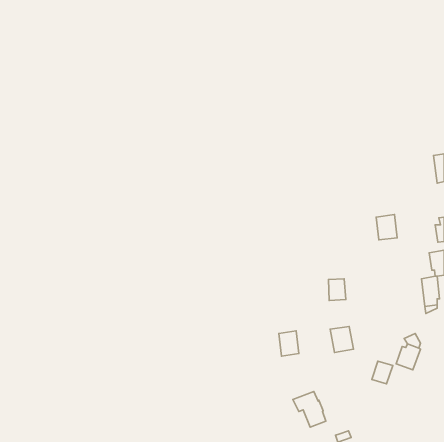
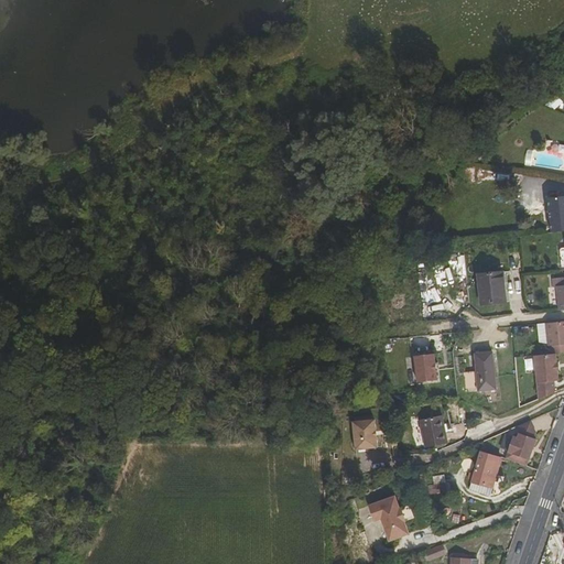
building: none -> [462,351,492,390]

